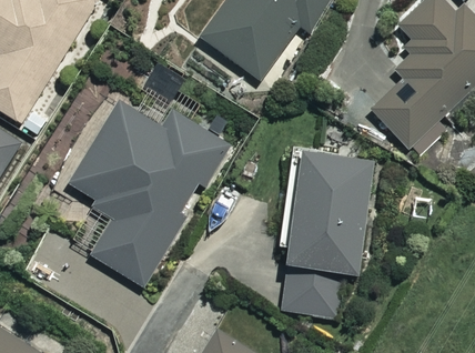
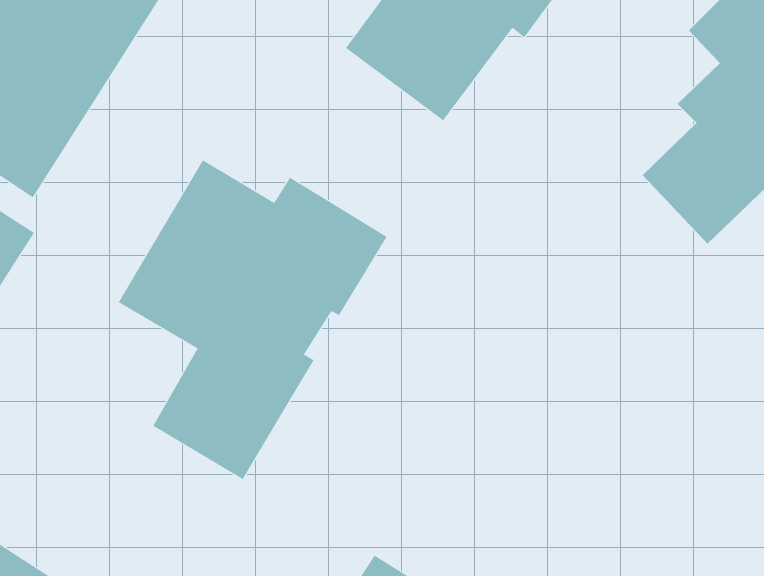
building: [281,151,374,320] -> none

